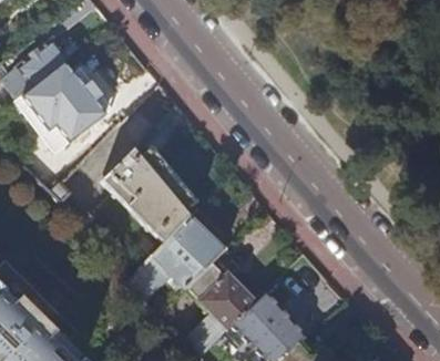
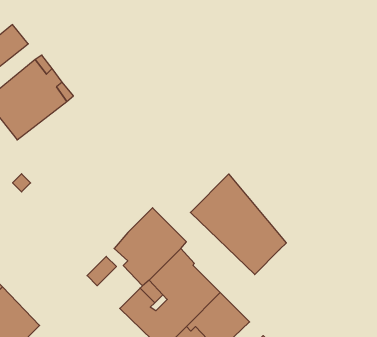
building: [102,142,196,240] -> [190,174,286,275]

